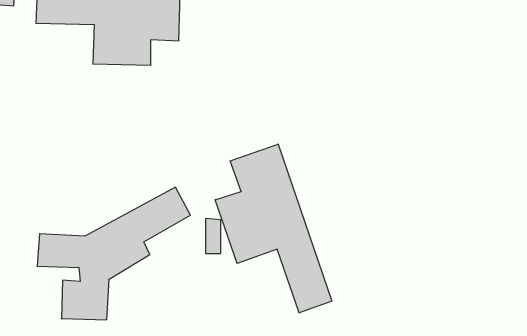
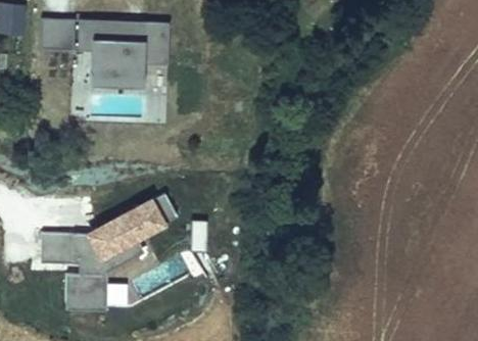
building: [215,144,332,313] -> none

